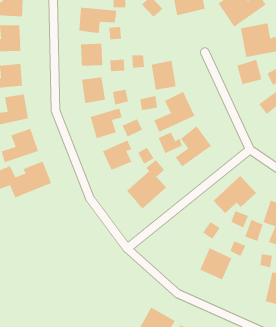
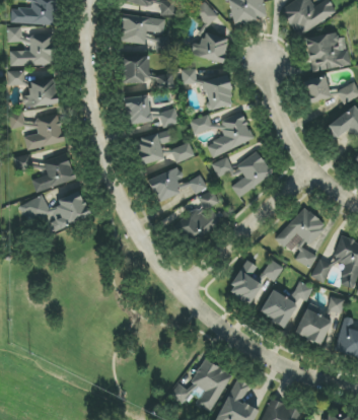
building: none -> [191,32,228,63]
building: none -> [227,260,264,305]
building: none -> [294,309,333,346]

